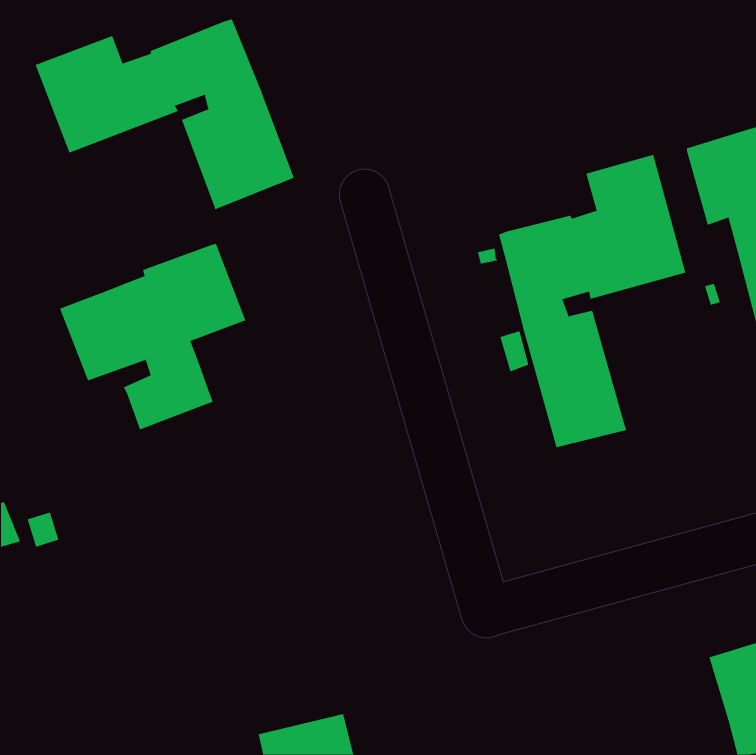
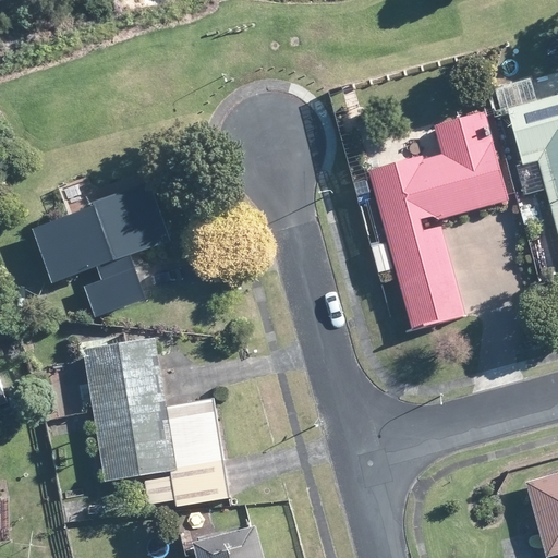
building: [35,18,295,210] -> none
building: none -> [83,337,228,504]

